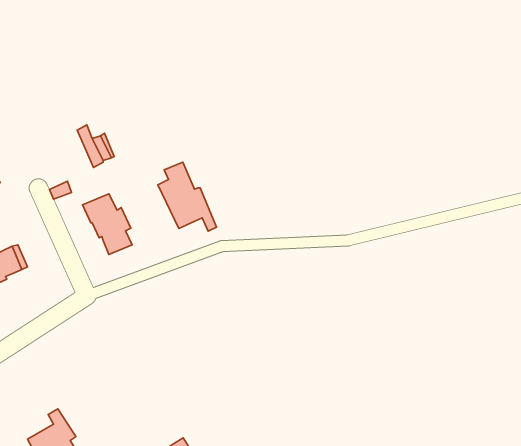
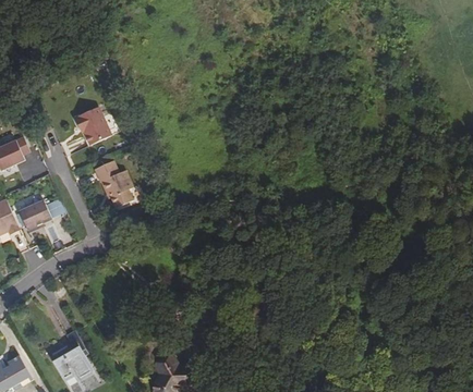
building: none -> [73,110,102,146]
building: [158,162,217,231] -> none

